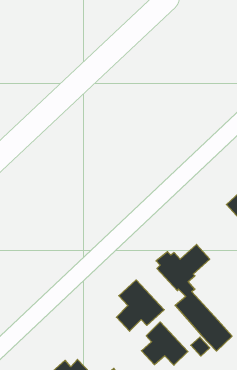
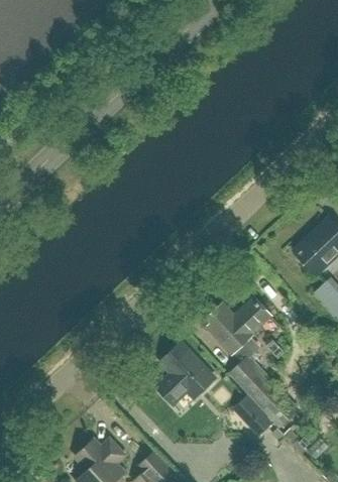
building: [141,322,188,365] -> none

